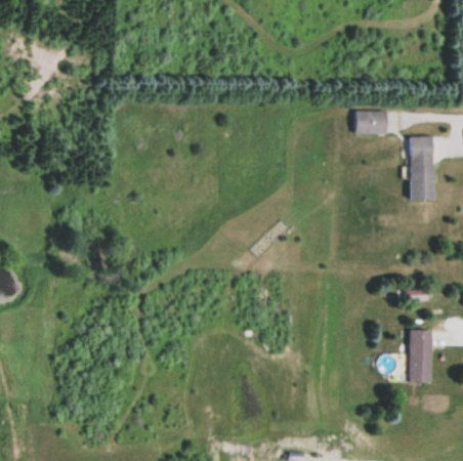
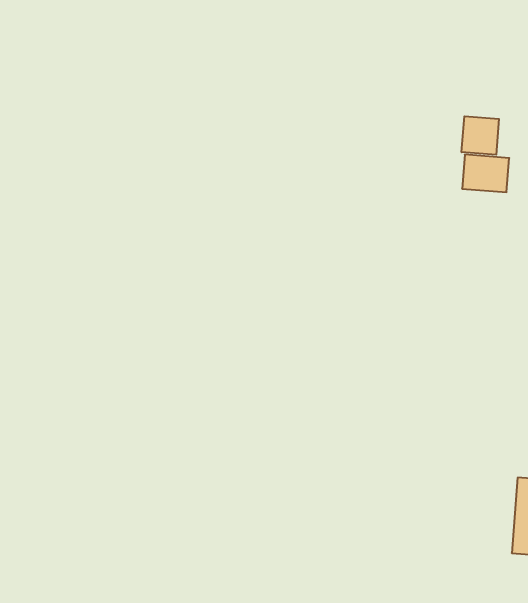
building: none -> [462,116,499,155]

